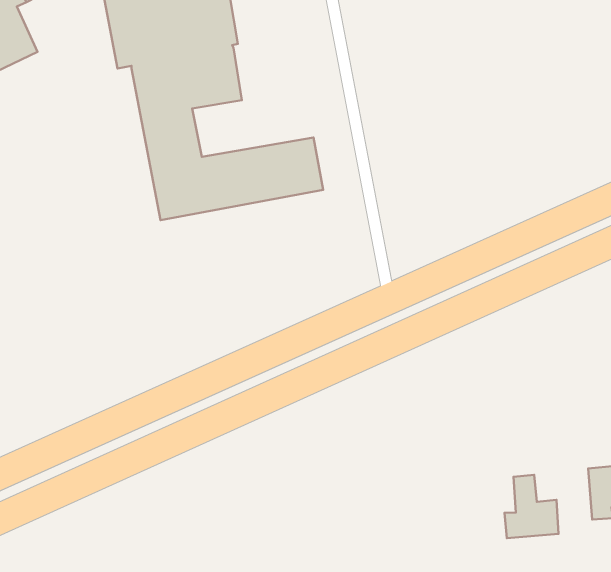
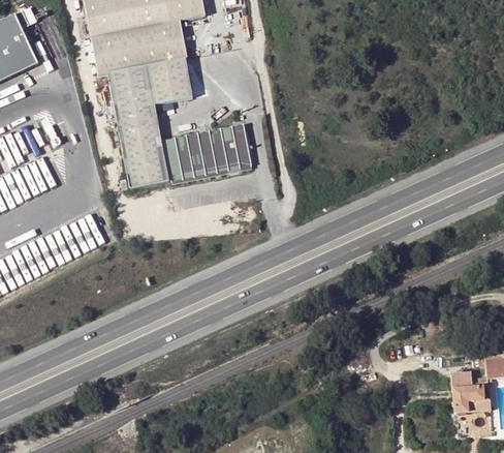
building: [505,475,559,538] -> none

